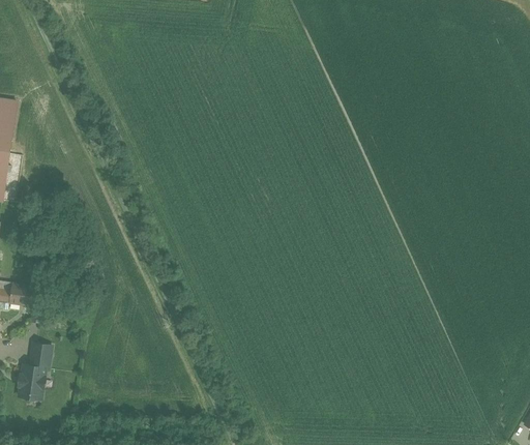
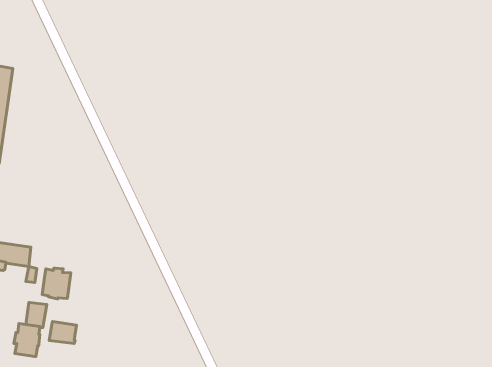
building: none -> [42,268,71,299]
building: none -> [49,321,76,343]

